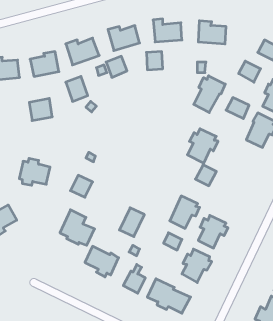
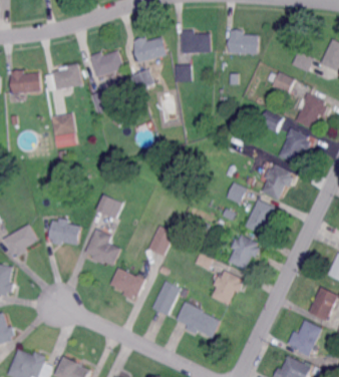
building: [194,76,225,113] -> none
building: [187,129,218,163] -> [261,163,293,200]
building: [19,158,50,185] -> [49,217,81,245]
building: [170,196,200,228] -> [246,200,277,234]

